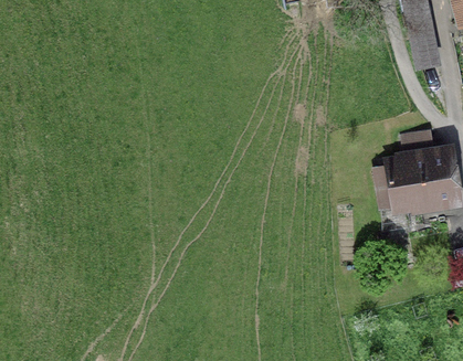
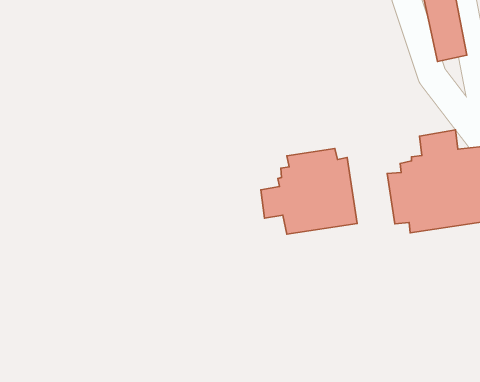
building: none -> [261,148,357,234]

